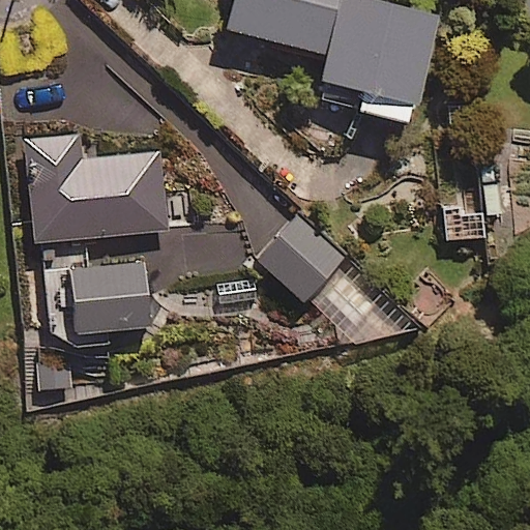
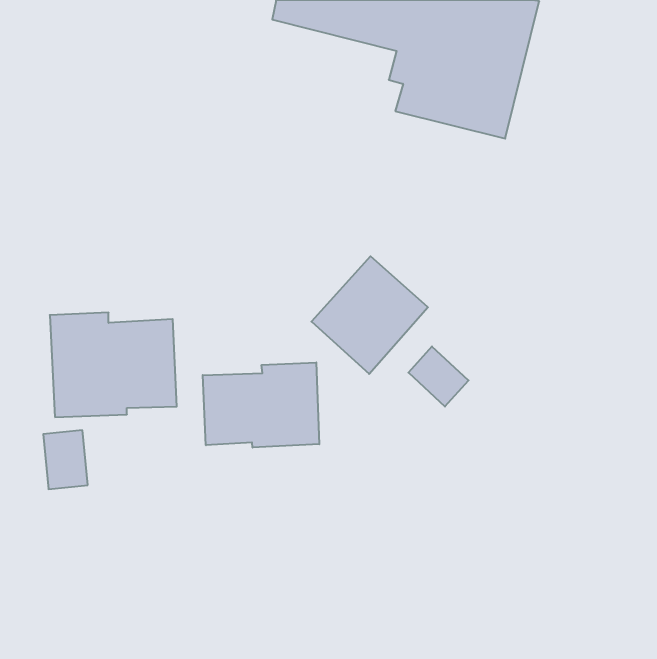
building: [32,137,172,238] -> none
building: none -> [203,362,319,448]

